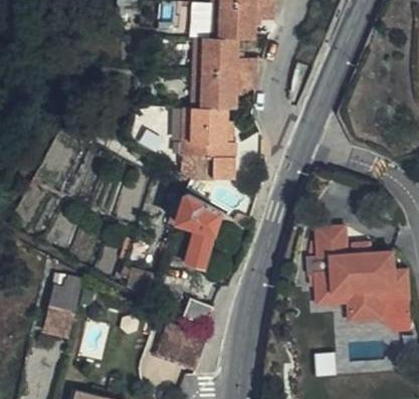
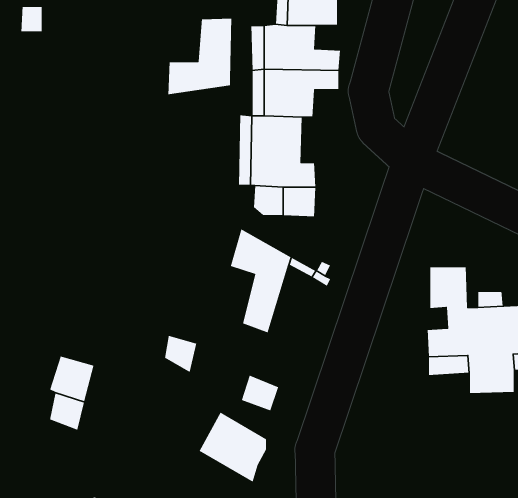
building: none -> [167,18,232,95]

